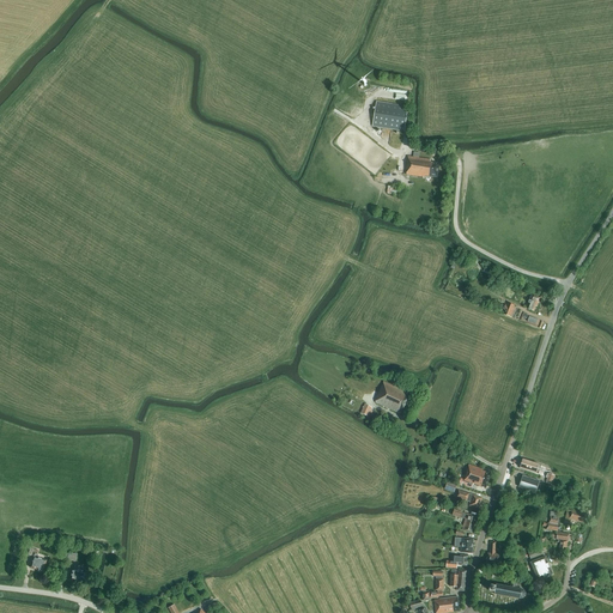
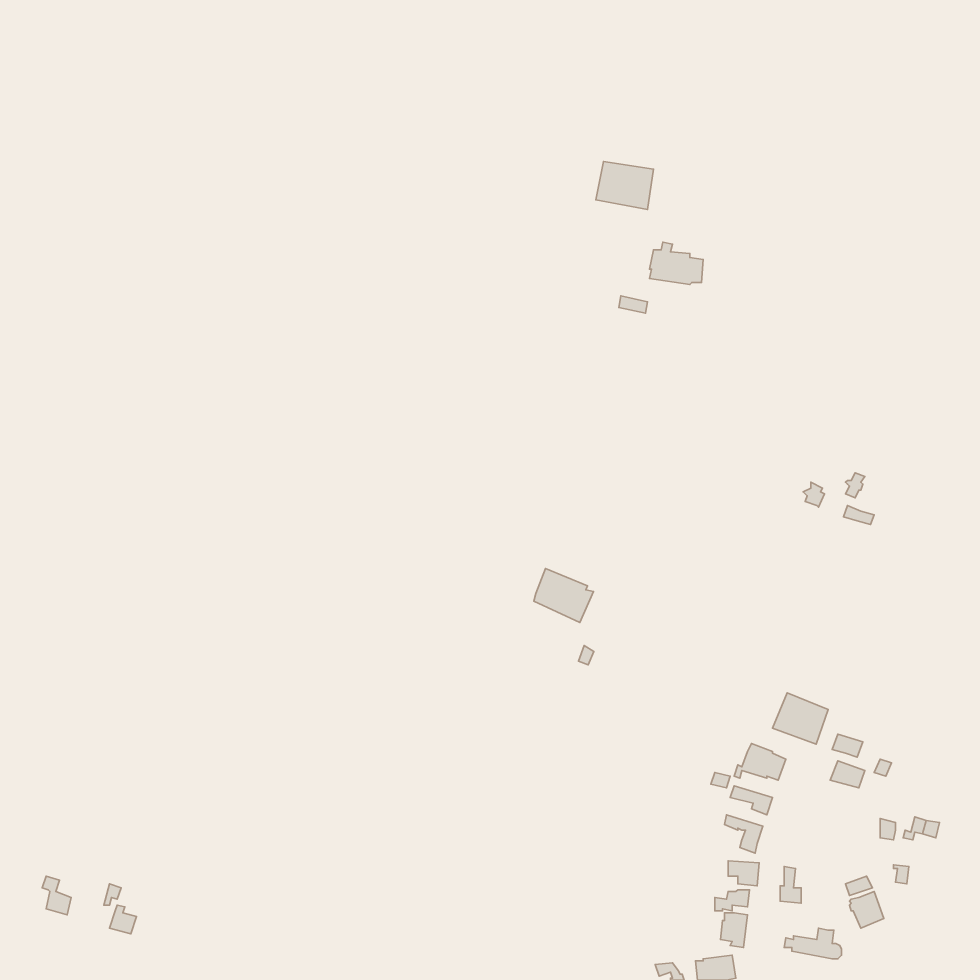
building: [375,381,412,414] -> [534,569,593,622]
building: none -> [773,693,828,744]

